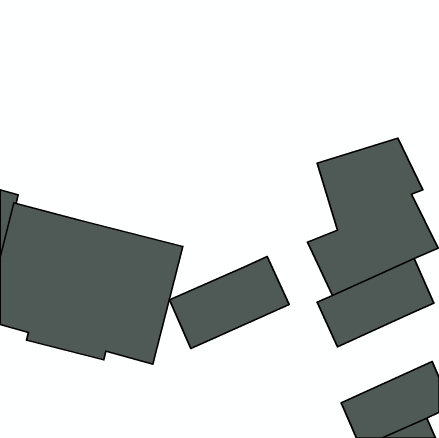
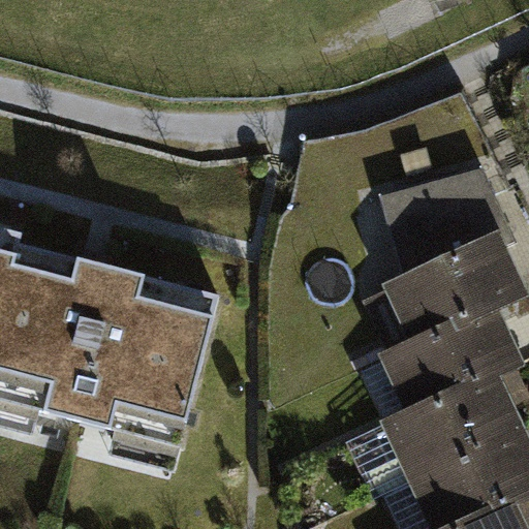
building: [169,256,289,349] -> none
building: none -> [383,377,520,485]

